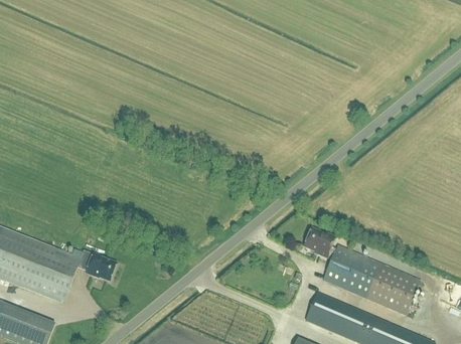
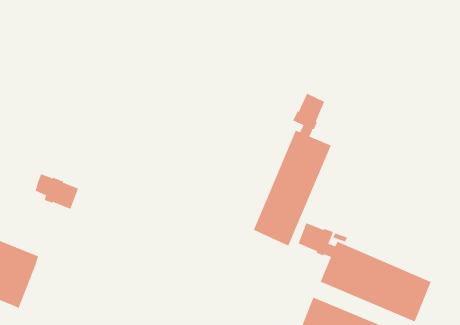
building: none -> [253,93,332,246]
building: [76,248,115,280] -> [35,173,79,209]

